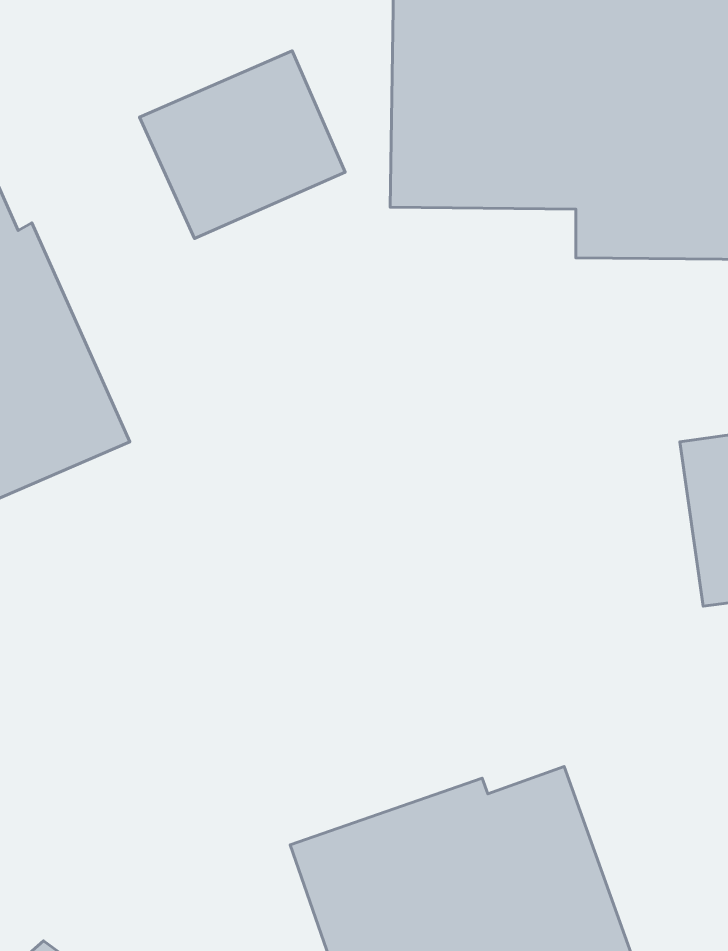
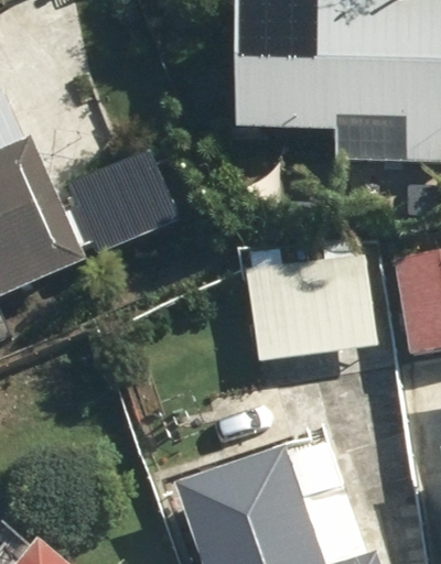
building: [140,51,345,239] -> [65,149,181,254]
building: none -> [248,237,378,360]

